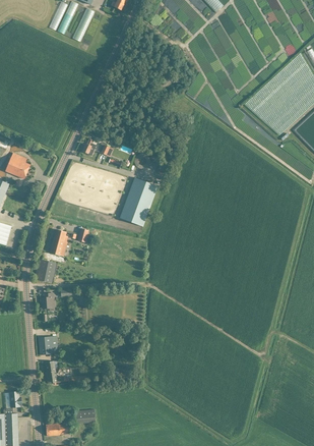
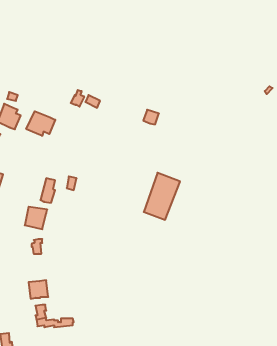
building: none -> [26,111,55,136]
building: [120,176,158,225] -> [144,173,180,220]

